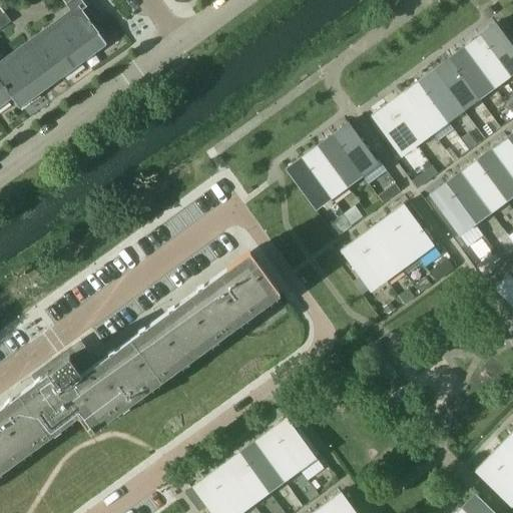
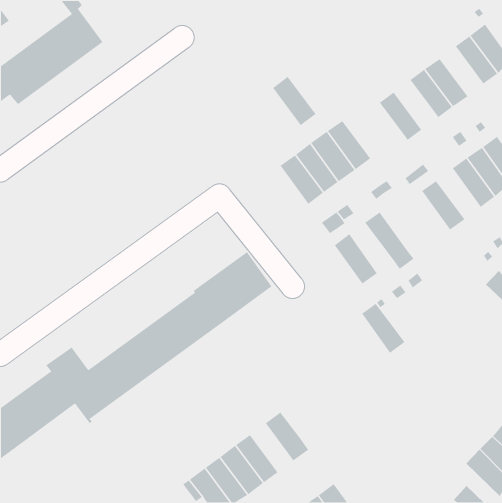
building: [449,47,493,98] -> none
building: [402,81,447,132] -> none
building: [371,104,416,155] -> [272,76,316,126]
building: [445,171,490,223] -> none
building: [388,203,433,255] -> none
building: [357,226,402,279] -> [361,303,405,354]
building: [255,431,300,481] -> none

